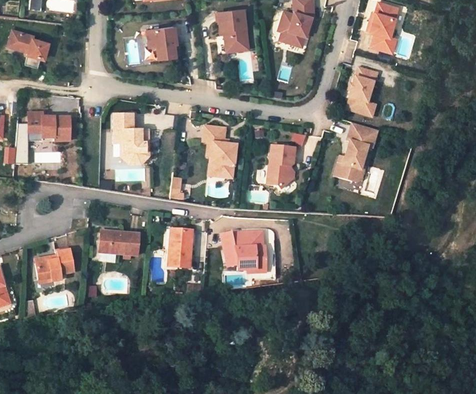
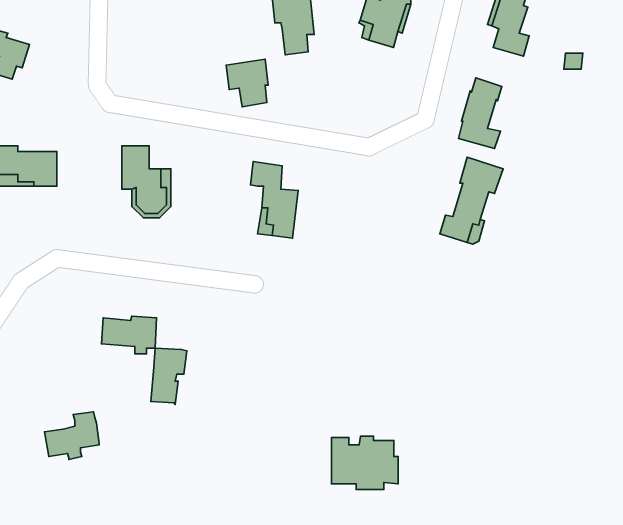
building: [147,26,176,59] -> [226,59,268,107]
building: [267,146,294,190] -> none
building: [169,230,194,269] -> [151,348,187,404]
building: [221,233,267,270] -> [332,436,398,490]
building: [37,248,75,281] -> [44,412,99,459]

